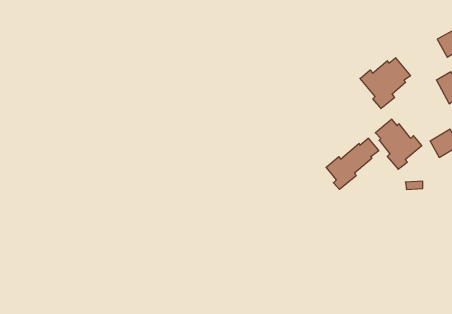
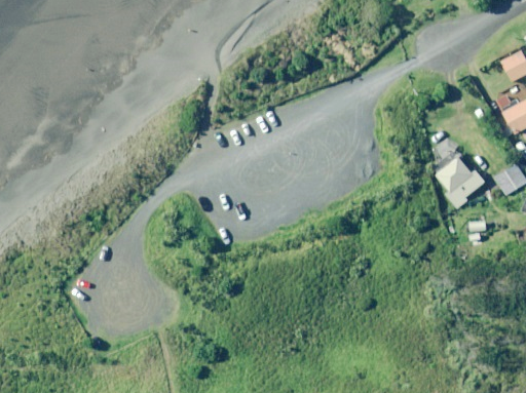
building: [360,58,411,109] -> none
building: [326,138,379,189] -> none

